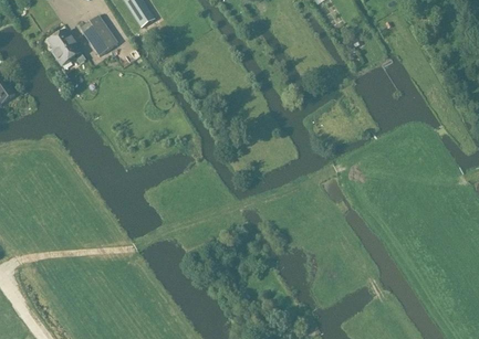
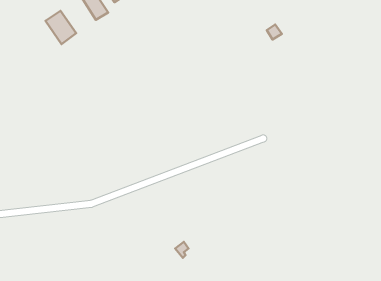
building: [49,29,81,64] -> none

